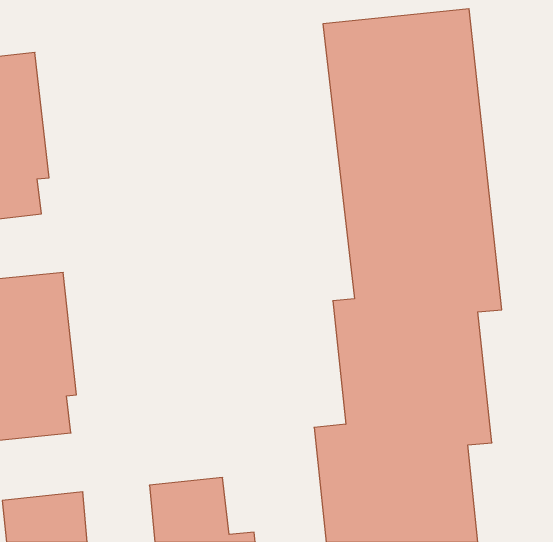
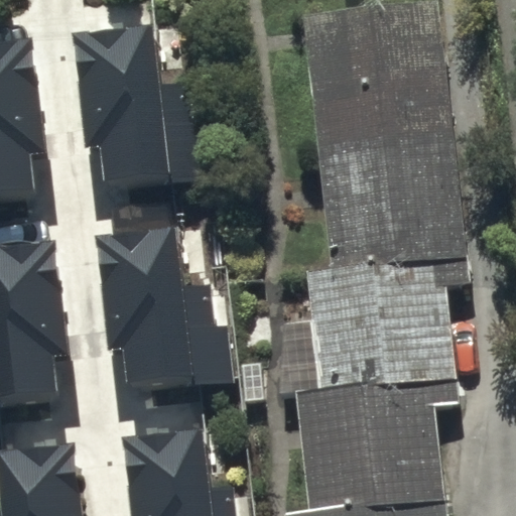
building: none -> [92,37,211,188]
building: none -> [113,241,231,391]

